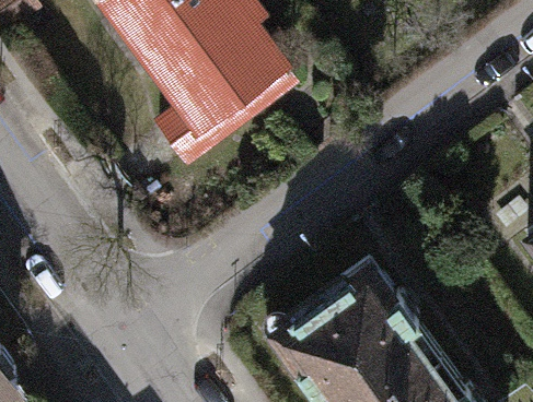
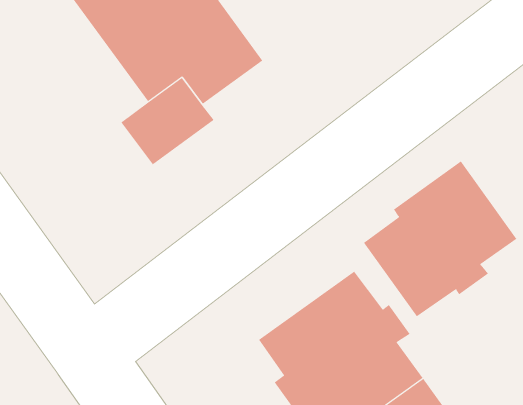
building: none -> [363,161,517,317]

